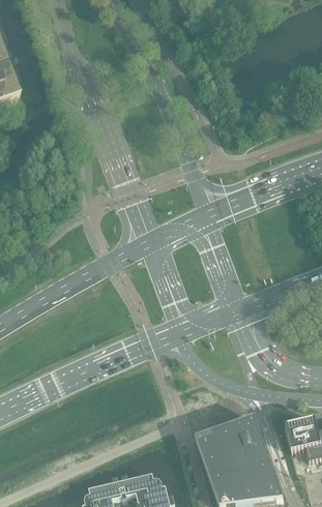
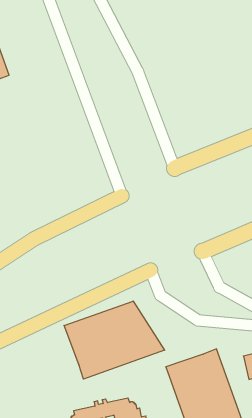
building: none -> [64,301,165,379]

